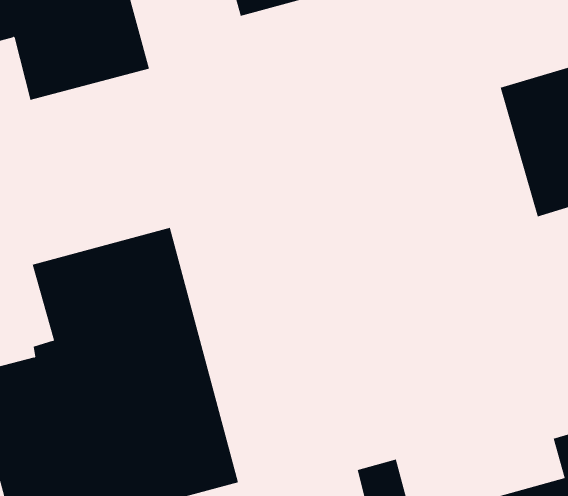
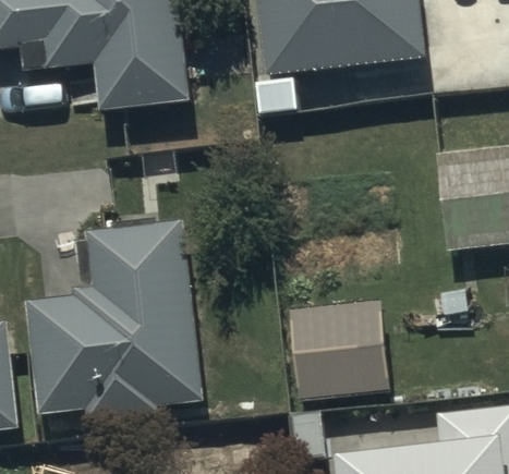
building: none -> [289,297,393,402]

